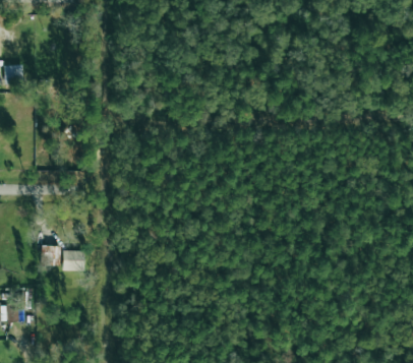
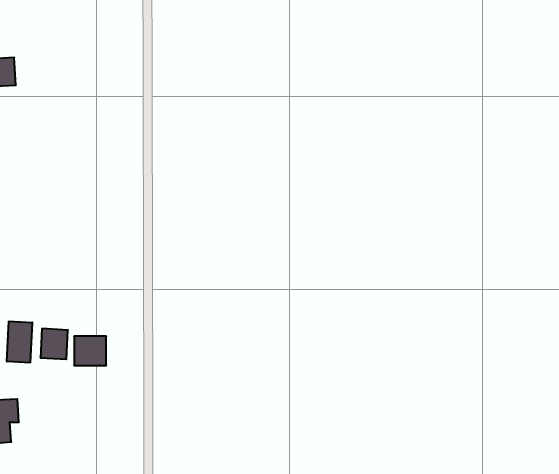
building: none -> [7,321,32,363]

